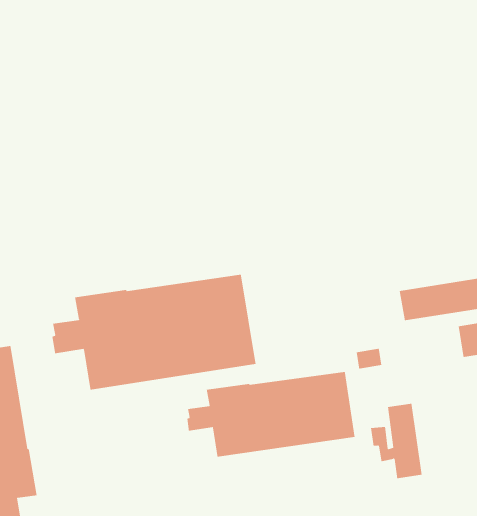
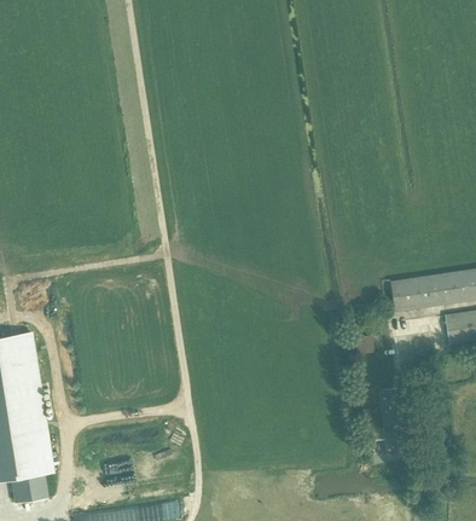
building: [52,274,256,390] -> none
building: [187,371,355,458] -> none

